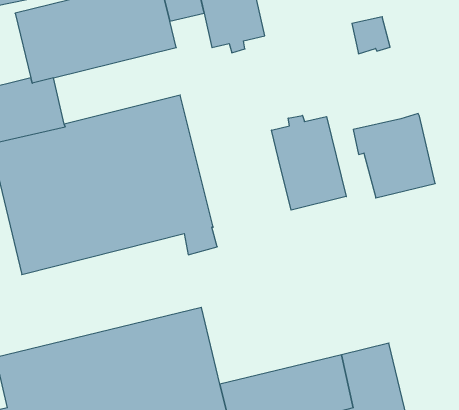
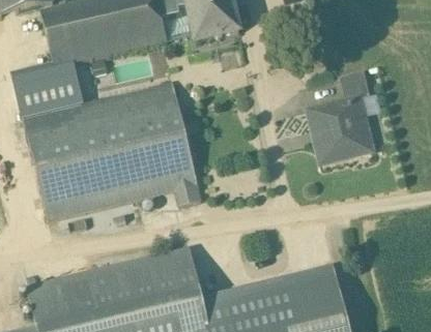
building: [352,17,390,54] -> [340,70,370,99]
building: [272,115,346,210] -> none

